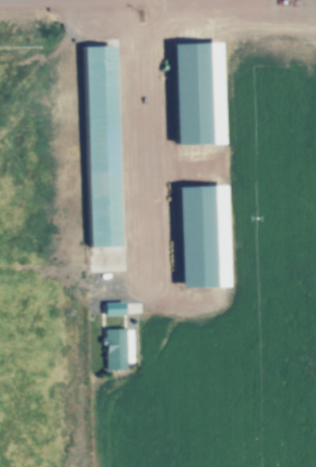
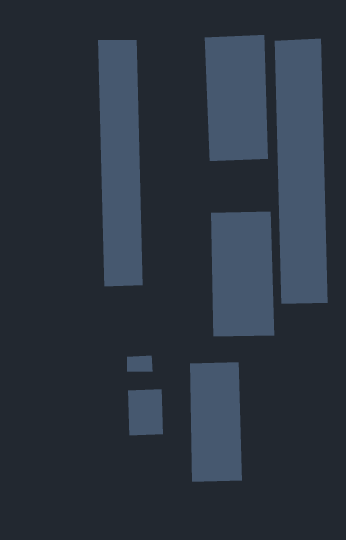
building: none -> [274,38,329,305]
building: none -> [189,361,243,483]

